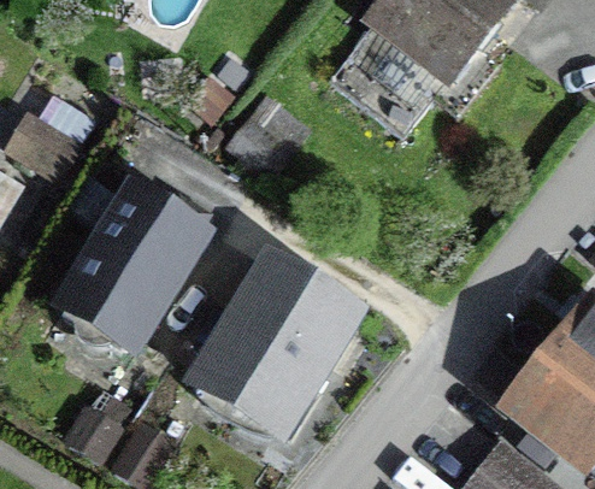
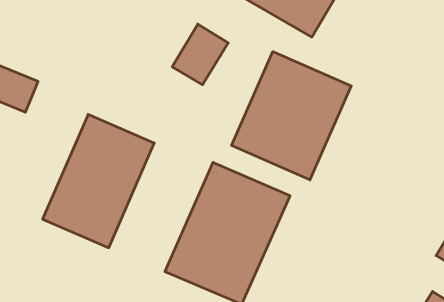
building: none -> [232,52,351,180]

